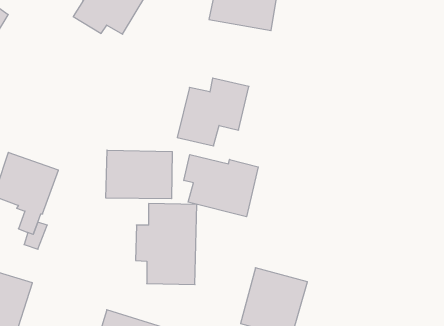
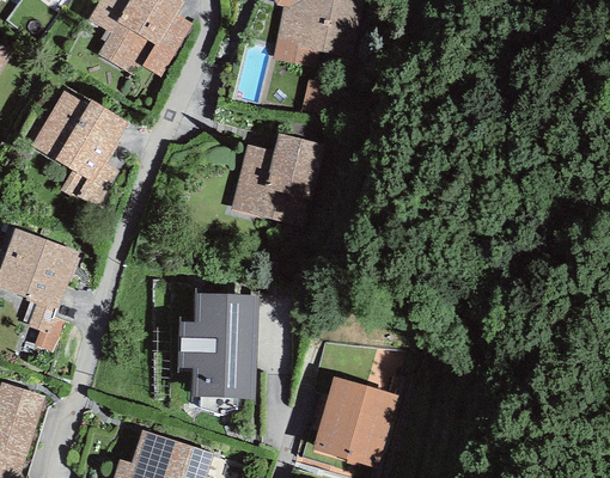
building: none -> [31,90,129,209]
building: [106,150,172,199] -> none
building: [184,155,258,217] -> none

